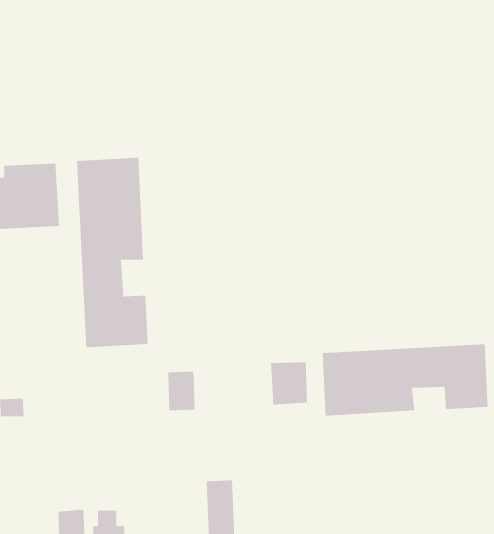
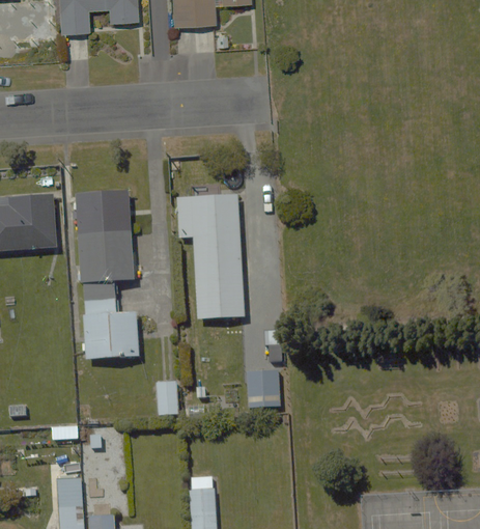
building: none -> [174,190,248,322]
building: [322,343,488,416] -> none

